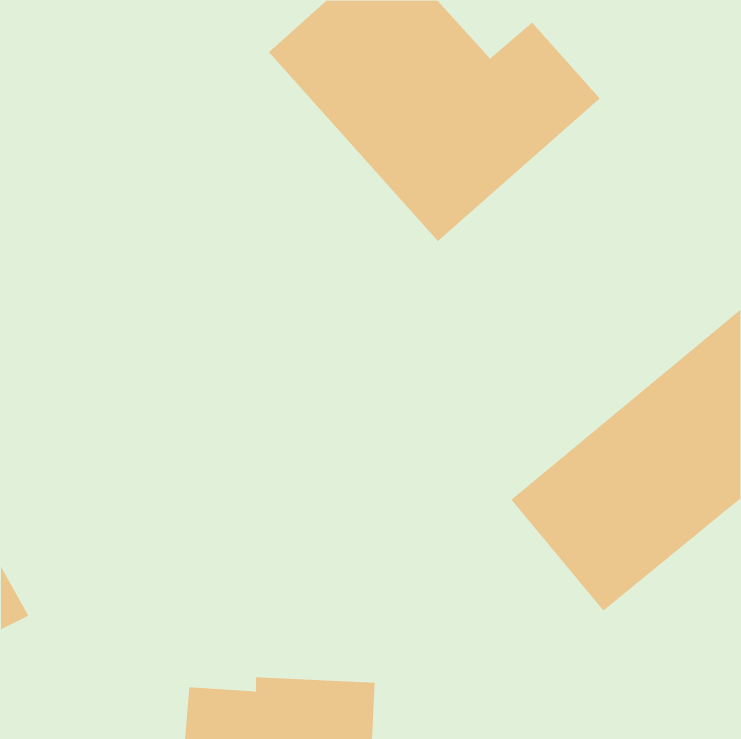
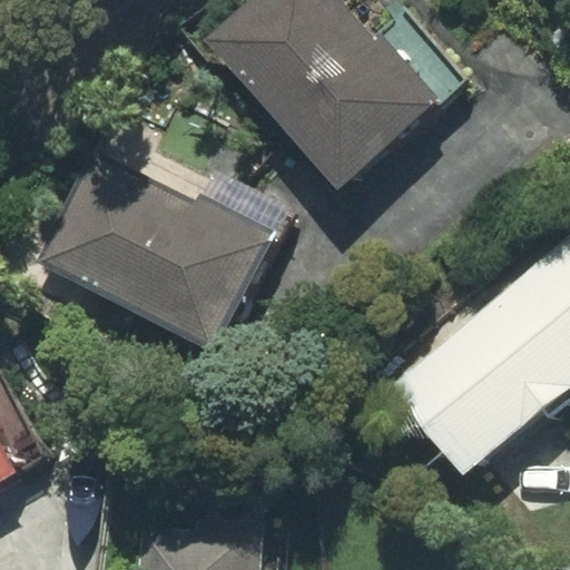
building: none -> [39,154,281,350]

